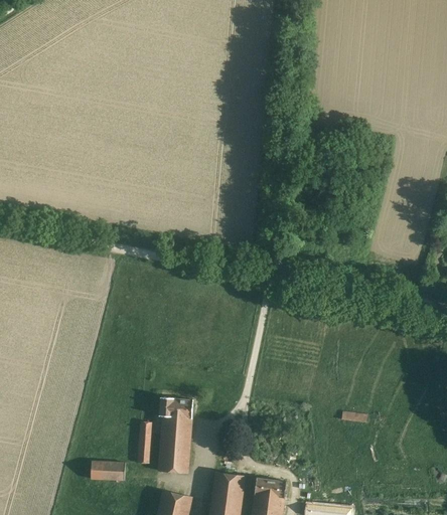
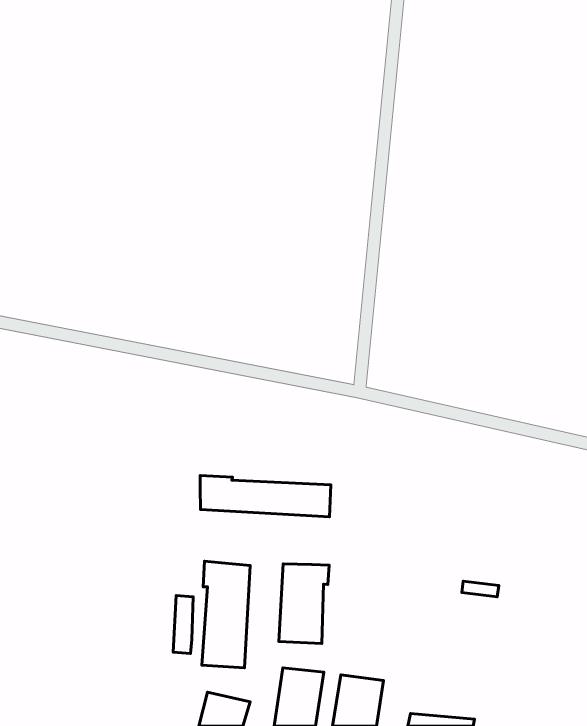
building: none -> [200,475,331,517]
building: none -> [279,564,329,644]
building: [90,461,123,482] -> none

